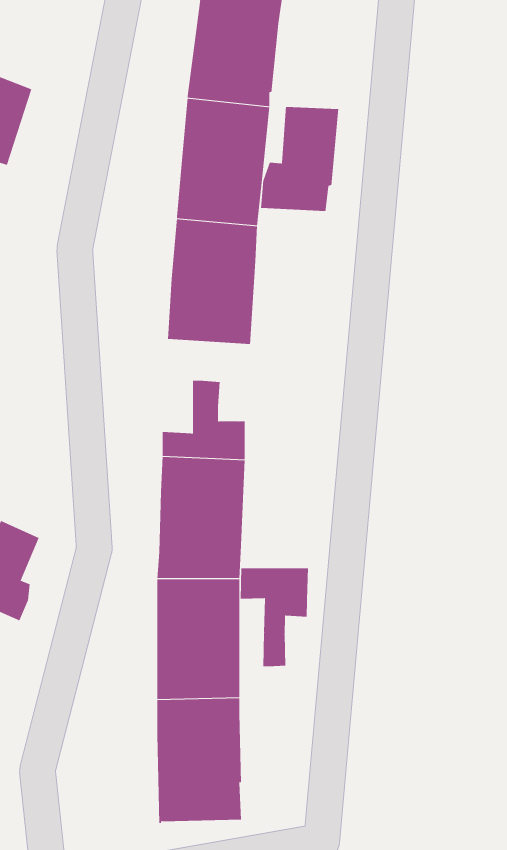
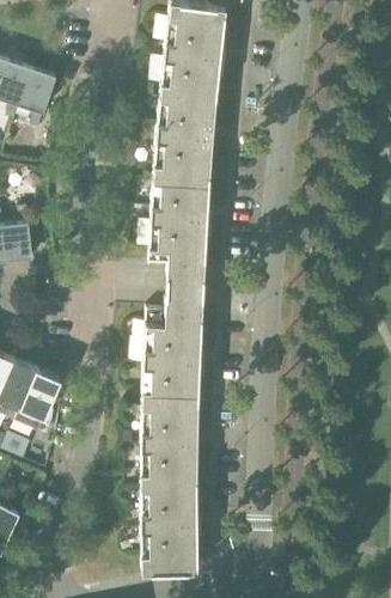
building: [261,106,339,212] -> none
building: none -> [147,246,204,301]
building: [240,568,308,667] -> none

